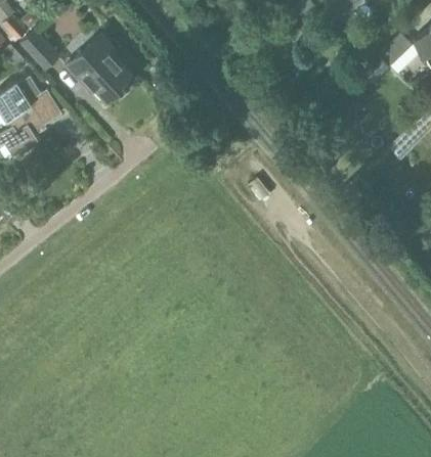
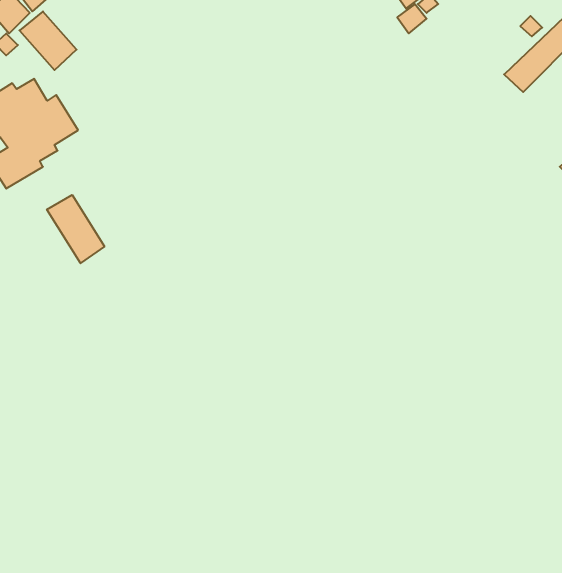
building: [66,34,132,101] -> none
building: none -> [47,195,104,263]

